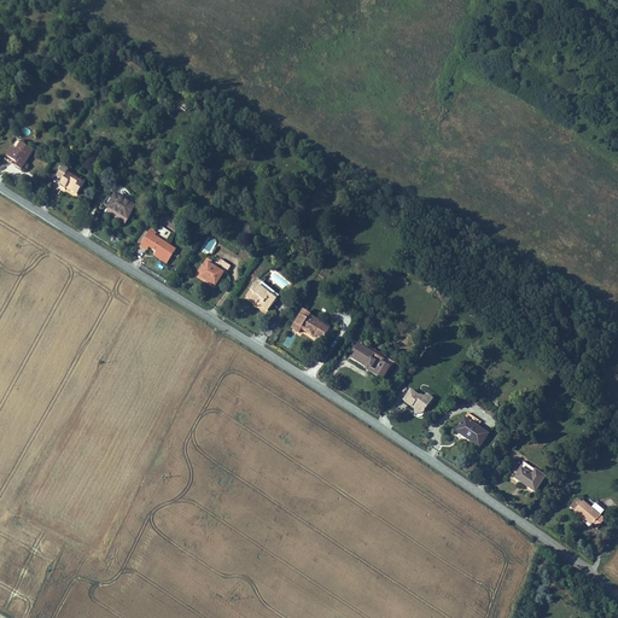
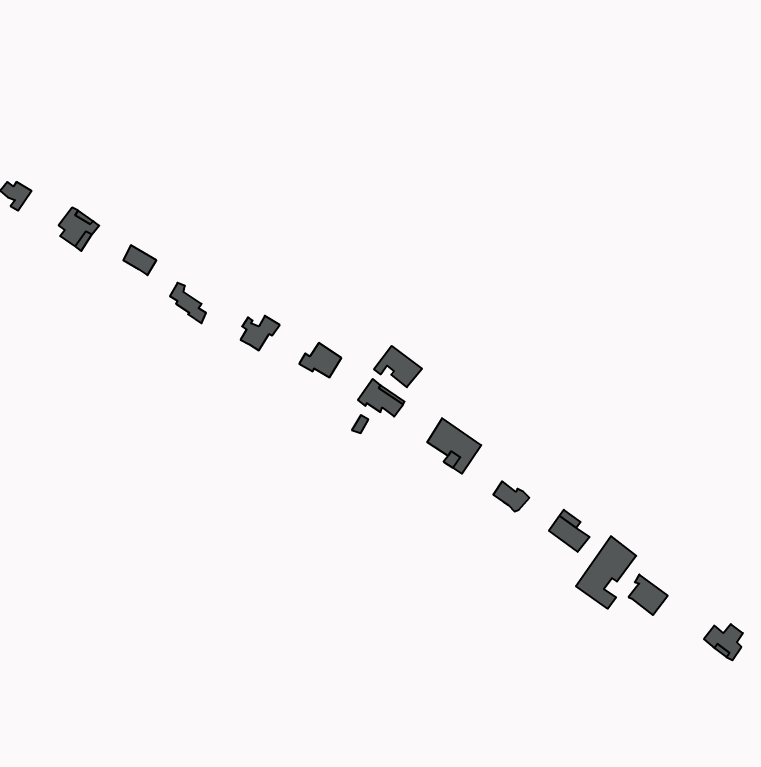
building: none -> [374,346,422,387]
building: none -> [576,536,636,609]

